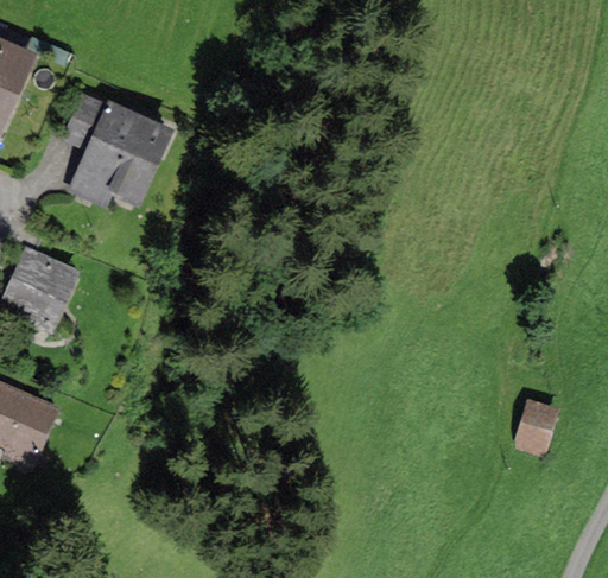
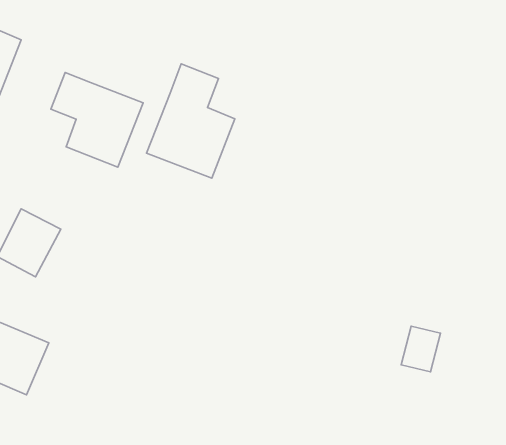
building: none -> [146,64,235,178]
building: [513,399,559,452] -> [401,326,441,372]

